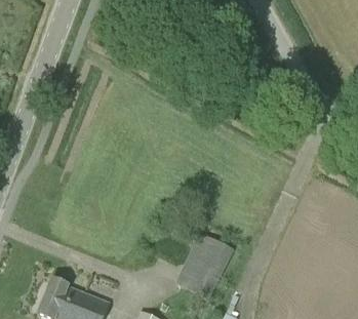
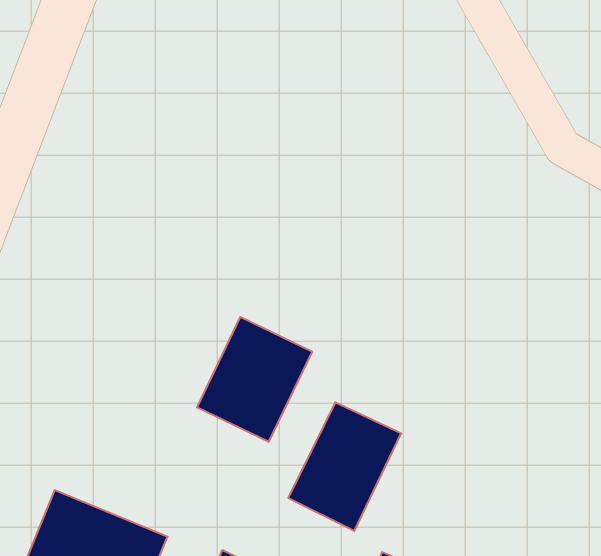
building: none -> [197,317,312,442]

